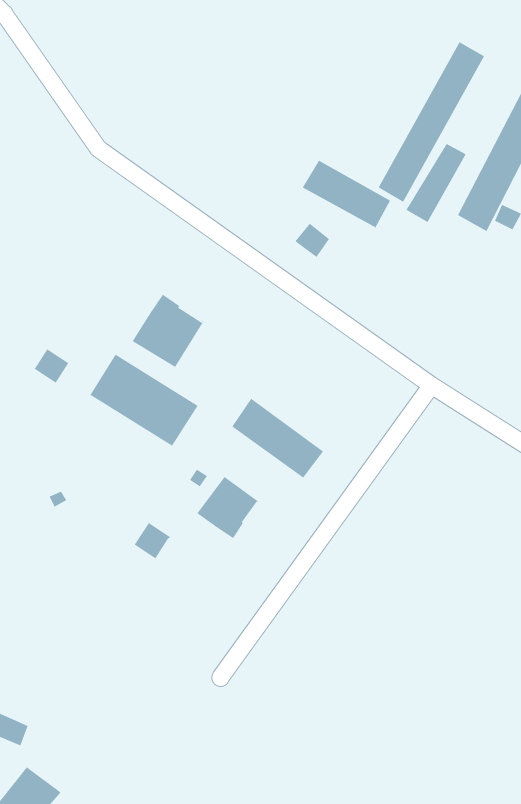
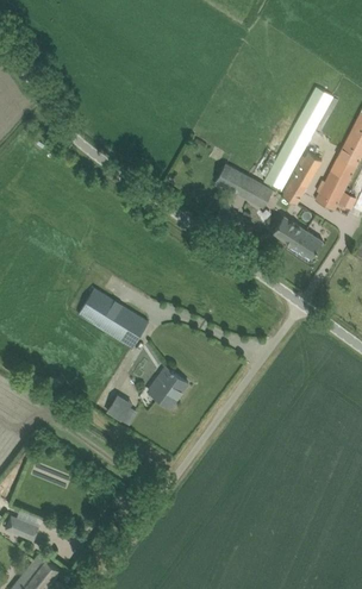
building: none -> [273,217,323,259]
building: [132,294,204,368] -> none
building: [232,398,324,478] -> none

